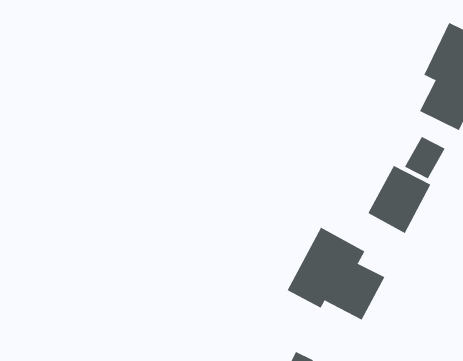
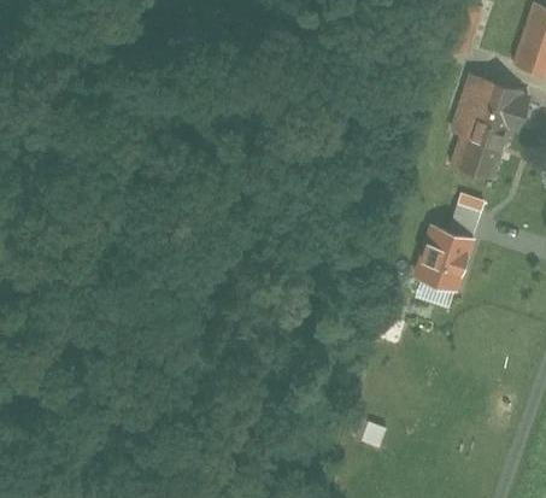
building: [287,227,385,321] -> none

